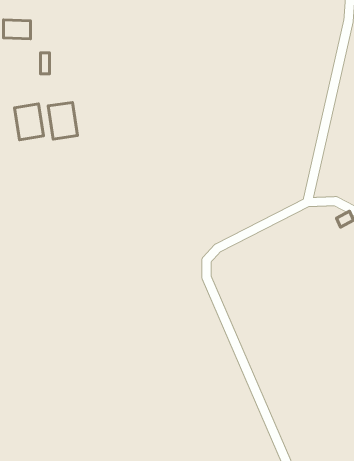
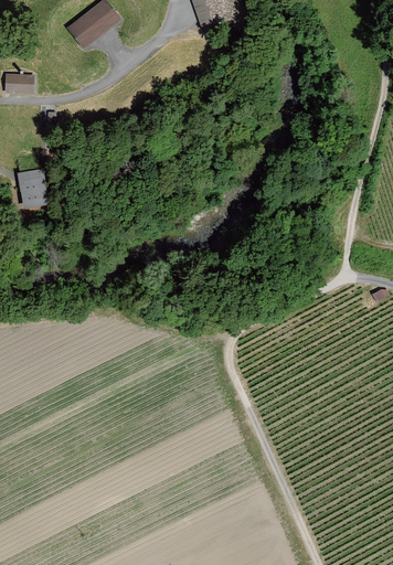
building: [48,102,78,139] -> none

